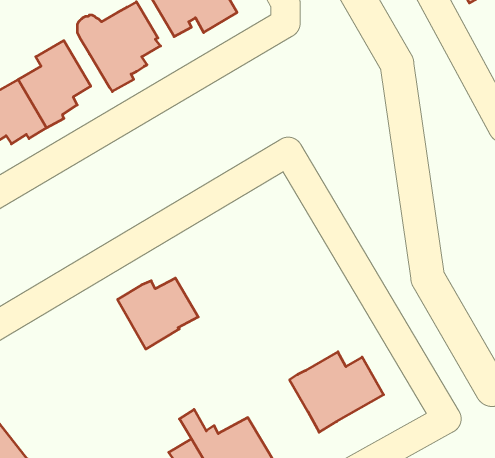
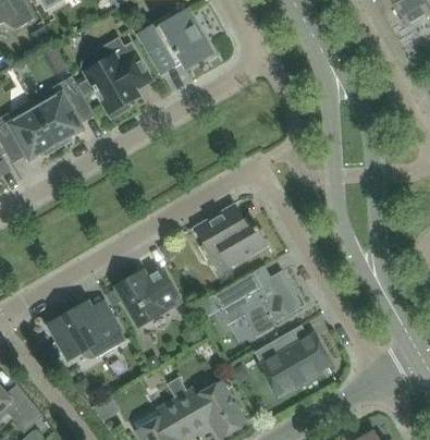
building: none -> [194,204,267,278]
building: none -> [213,270,304,337]
building: none -> [48,300,125,360]

